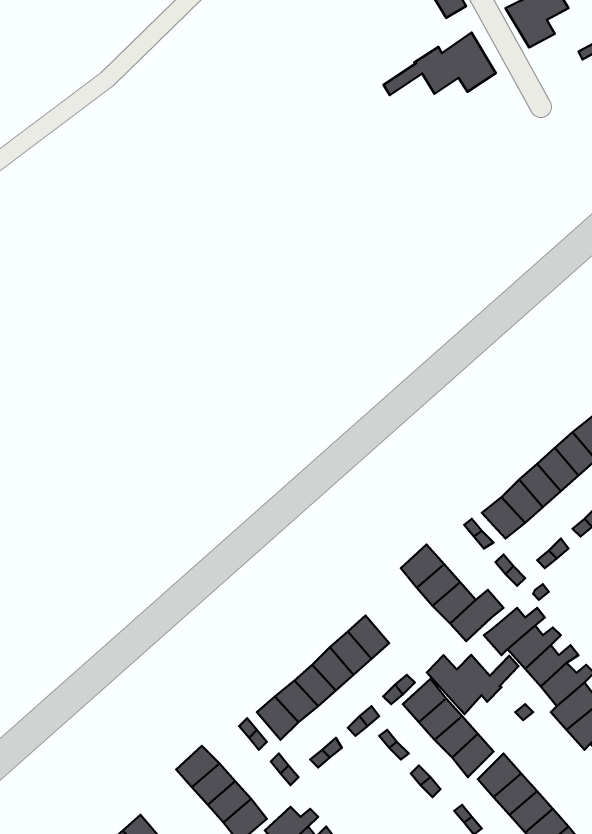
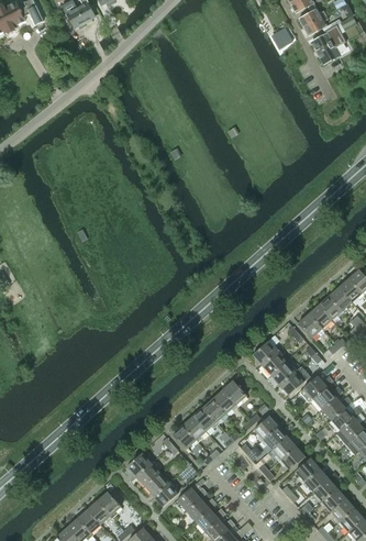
building: [384,33,496,95] -> none
building: [427,655,519,714] -> none

